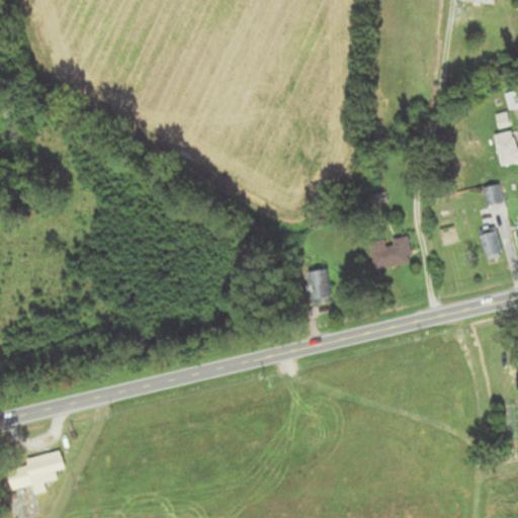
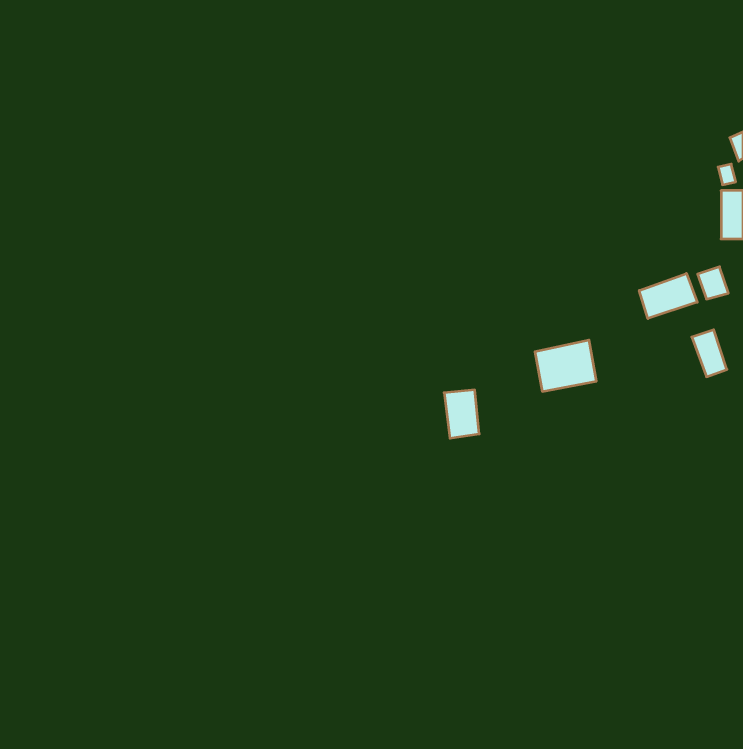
building: none -> [639,273,697,319]
building: [6,452,64,492] -> none

